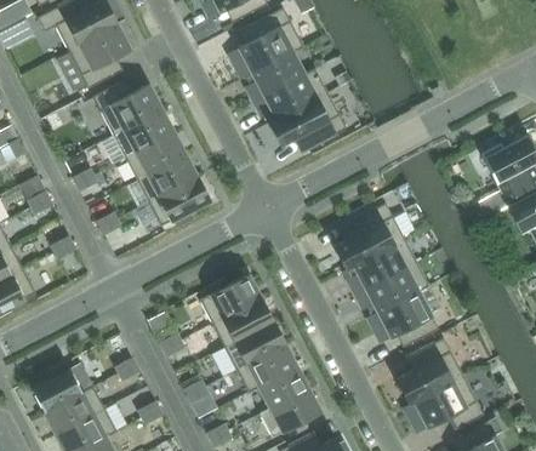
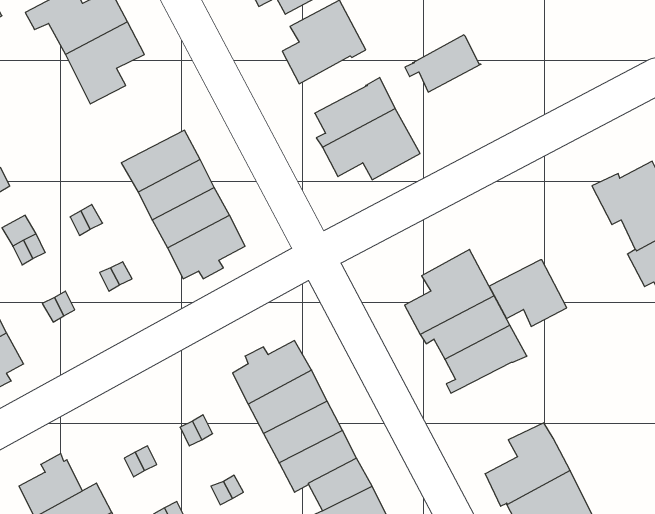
building: [245,52,304,97] -> [405,35,481,92]
building: [92,84,161,136] -> none
building: [377,292,438,344] -> [489,260,567,326]

